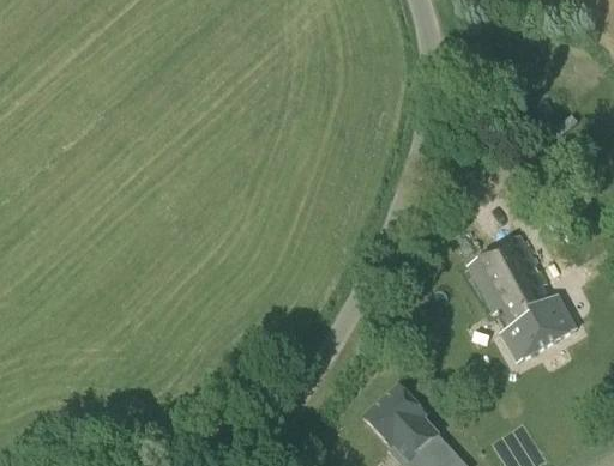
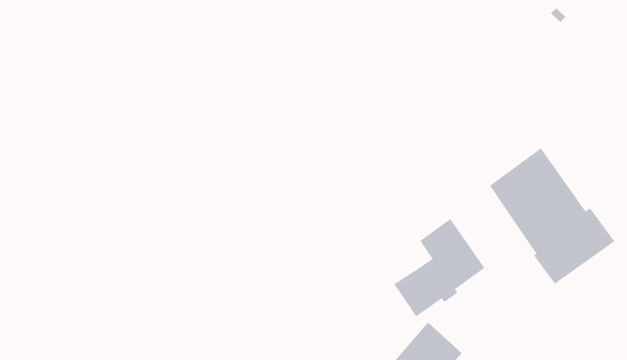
building: none -> [393,218,485,317]

